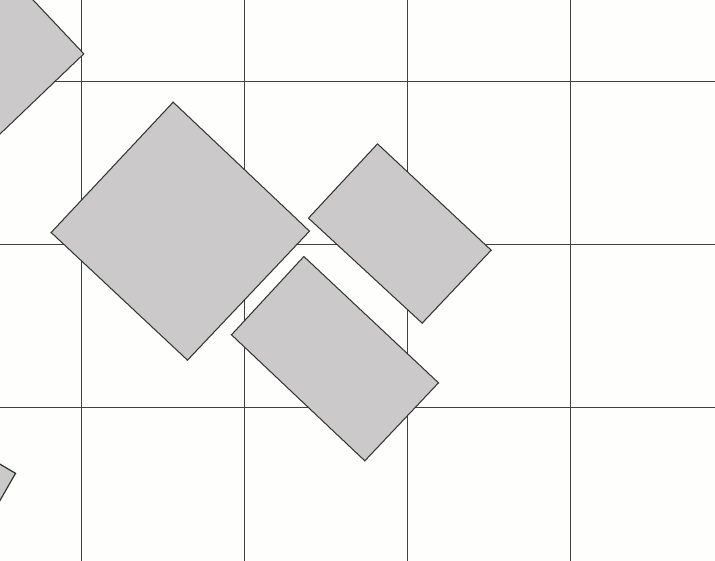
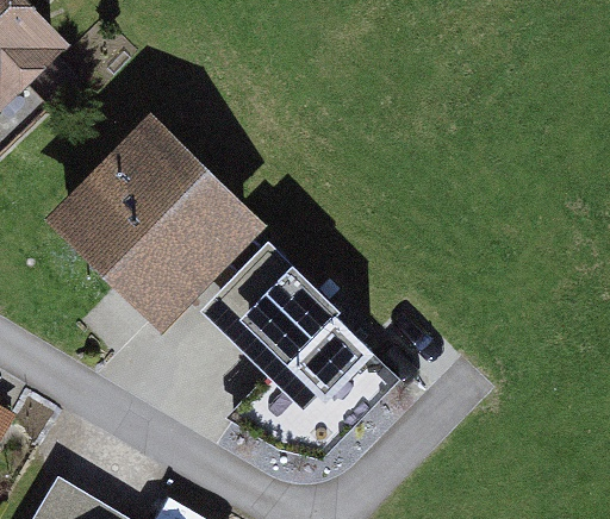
building: [309,144,491,323] -> none

